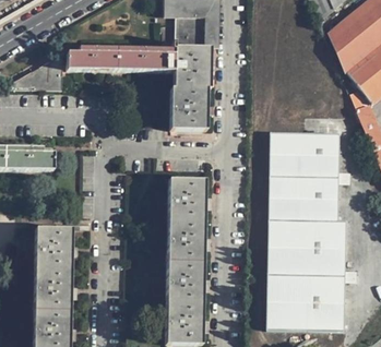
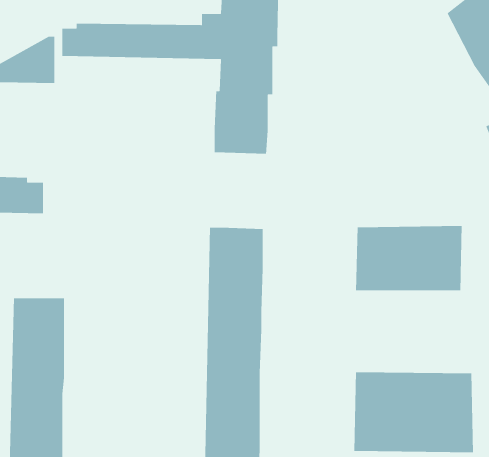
building: [269,134,341,180] -> none
building: [267,224,348,279] -> none

